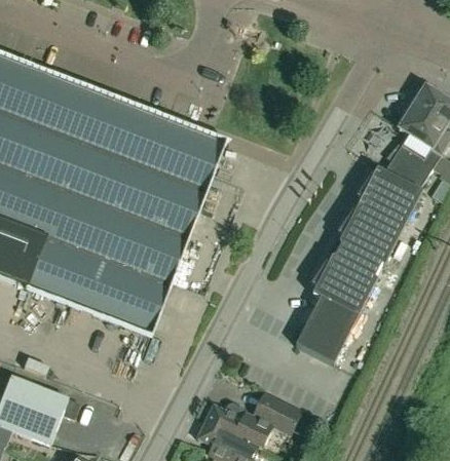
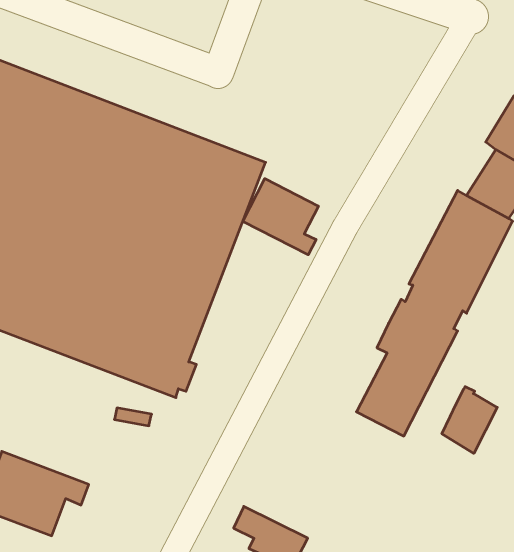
building: none -> [243,179,318,255]
building: none -> [442,387,497,453]
building: [204,393,300,448] -> none

